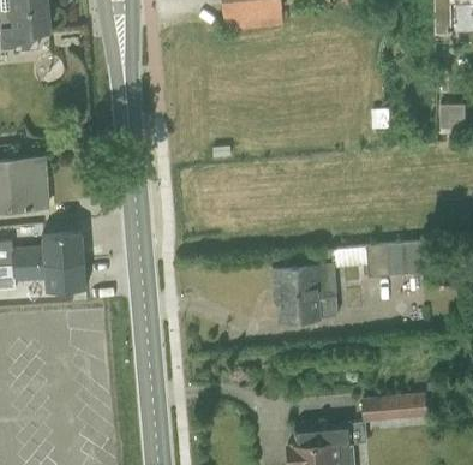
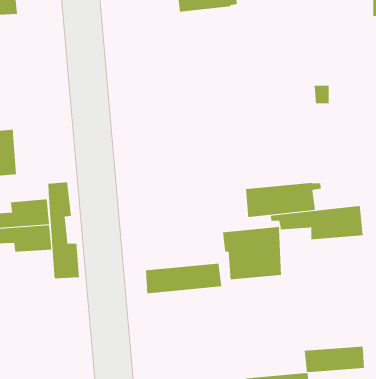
building: none -> [48,182,80,279]
building: none -> [246,182,321,218]
building: none -> [145,263,222,294]

